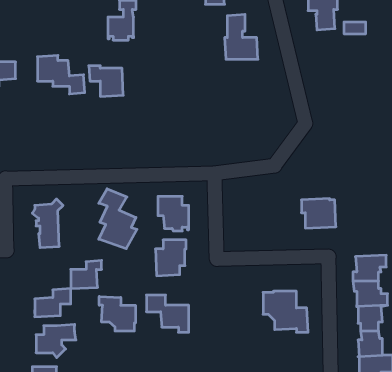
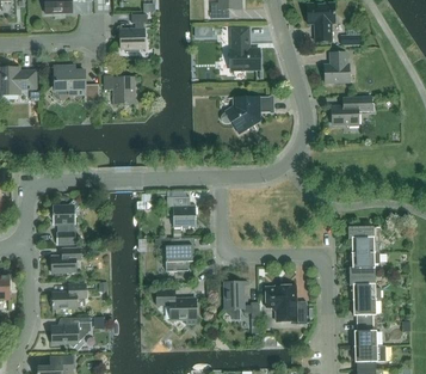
building: none -> [325,53,348,82]
building: none -> [332,96,371,125]
building: none -> [221,97,272,134]
building: [99,189,137,249] -> none
building: [301,199,336,228] -> [347,226,379,253]
building: [71,260,102,289] -> [51,247,80,274]
building: none -> [223,282,258,320]
building: [99,296,135,331] -> none

